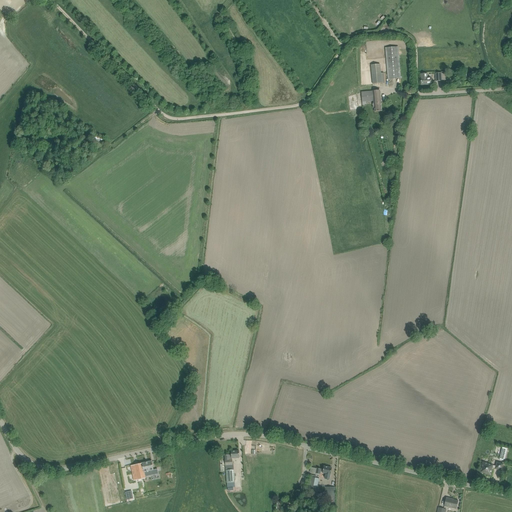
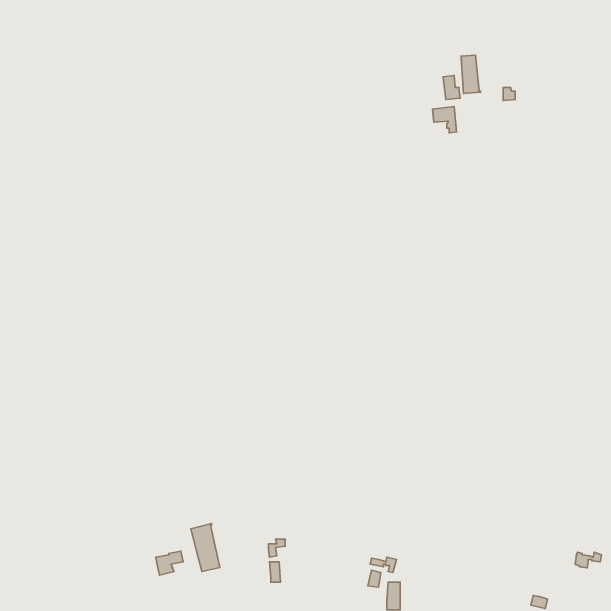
building: none -> [191,523,220,572]

